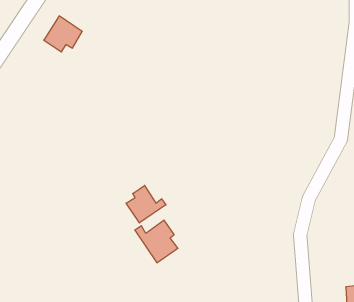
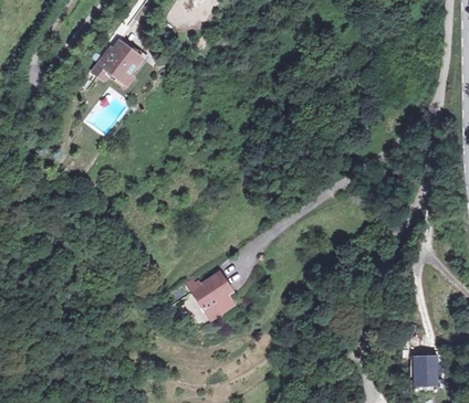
building: [126,185,166,223] -> none

